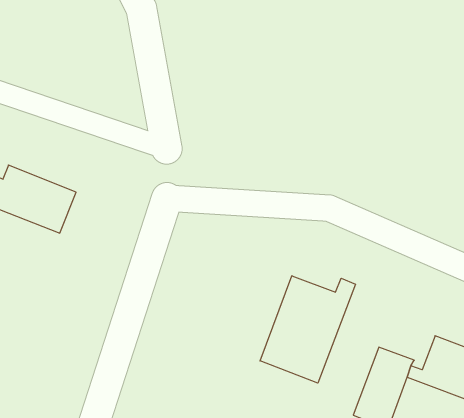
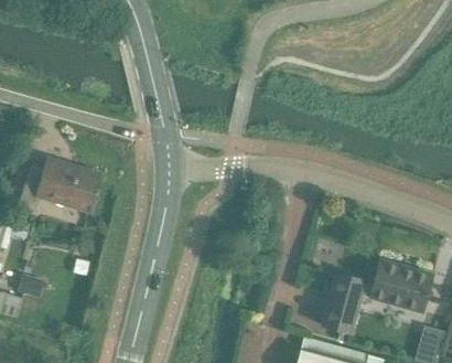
building: [260,276,355,383] -> none

